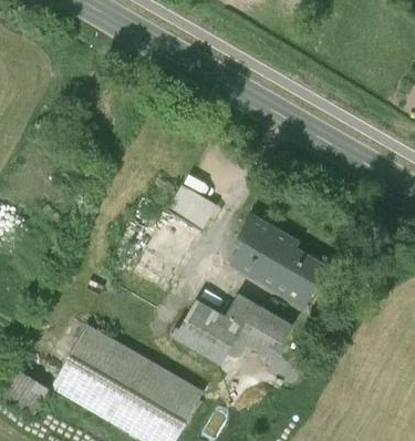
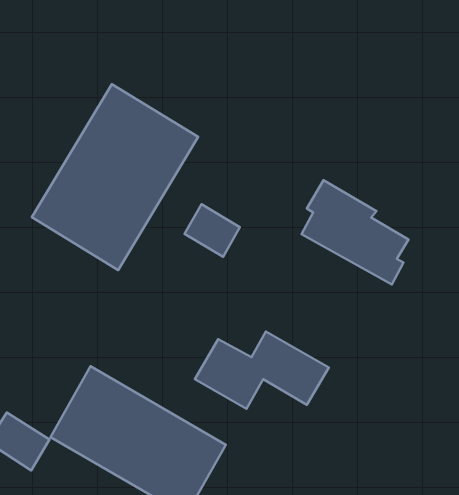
building: none -> [32,84,198,270]
building: [232,216,324,306] -> [302,180,409,284]

